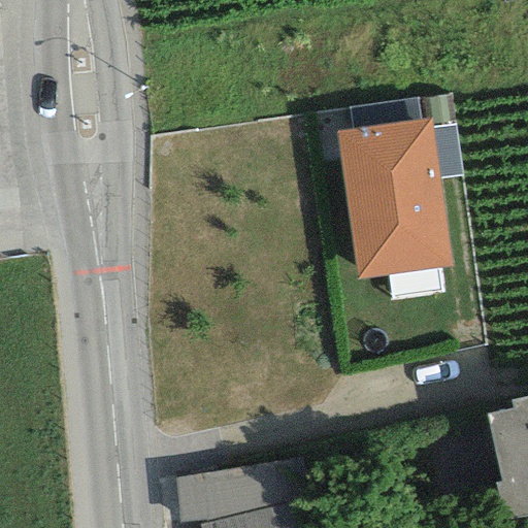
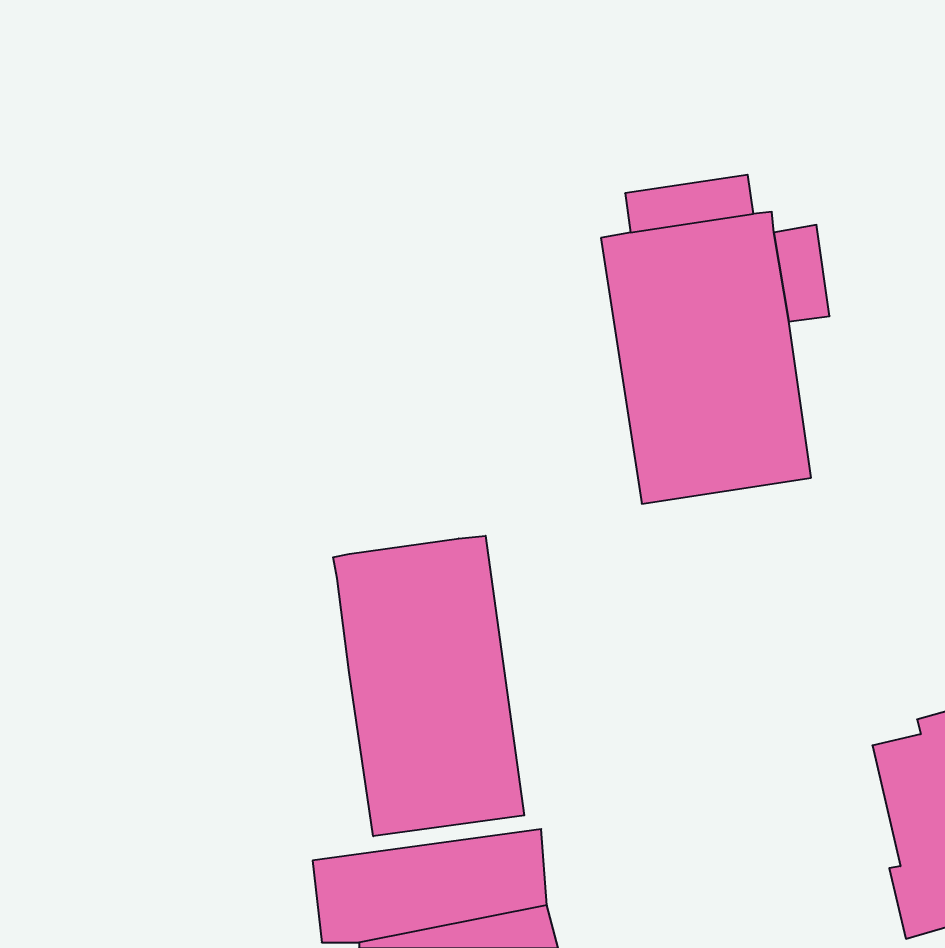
building: none -> [333,536,524,836]

